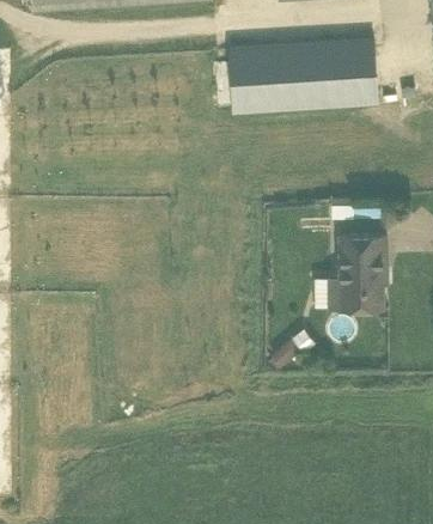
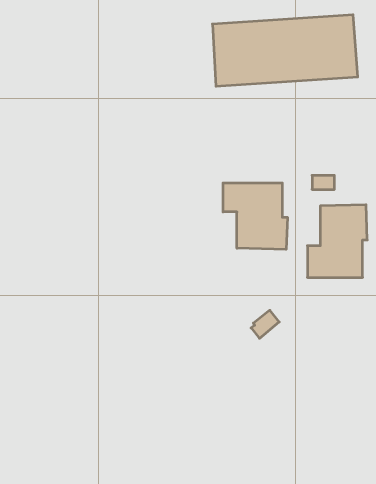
building: none -> [223,183,287,249]

